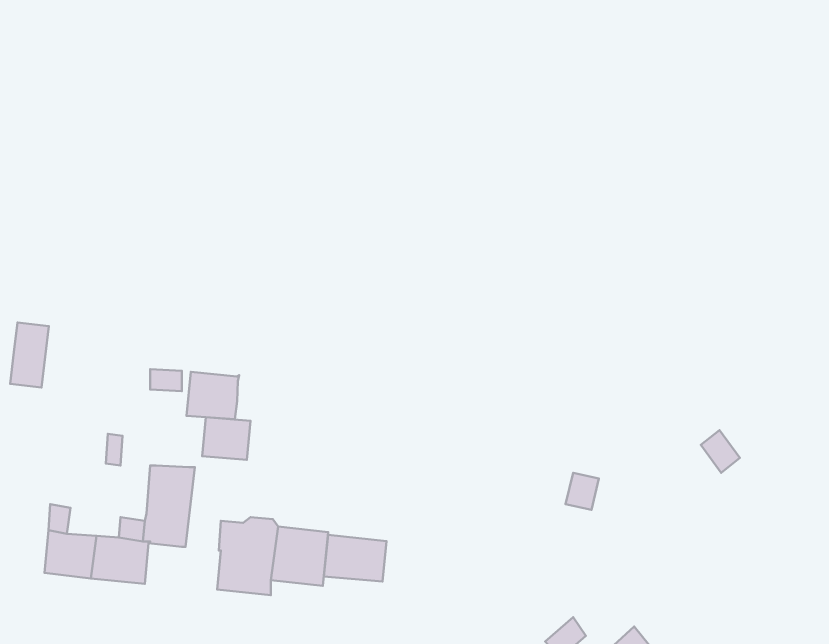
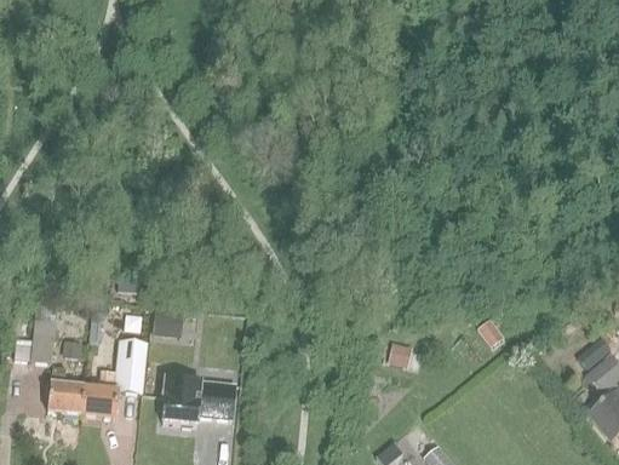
building: [10,323,49,387] -> [30,322,56,364]
building: [186,372,239,419] -> none
building: [324,535,387,582] -> none

